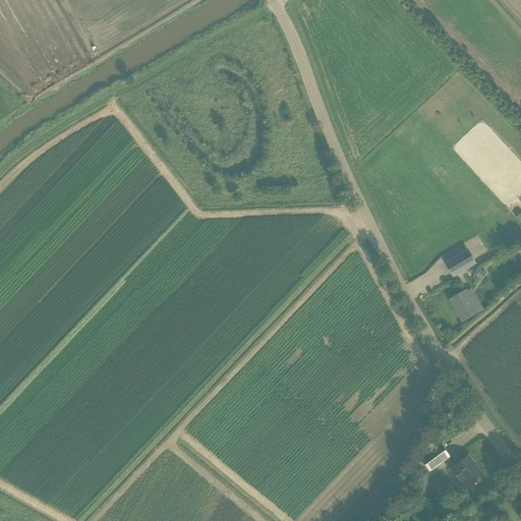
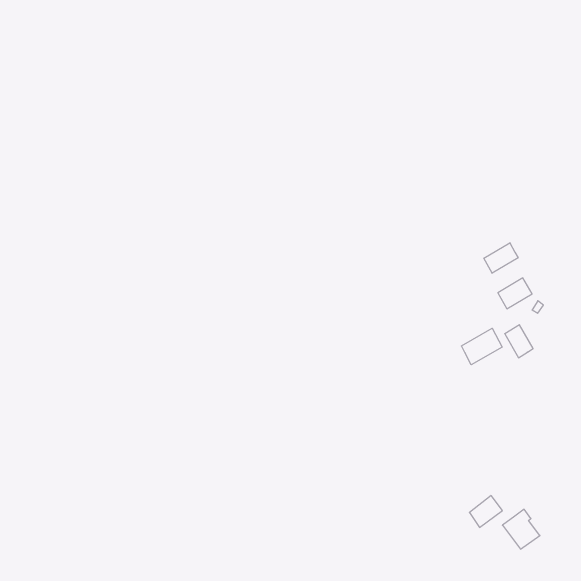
building: none -> [484,243,518,273]
building: none -> [461,328,502,365]

